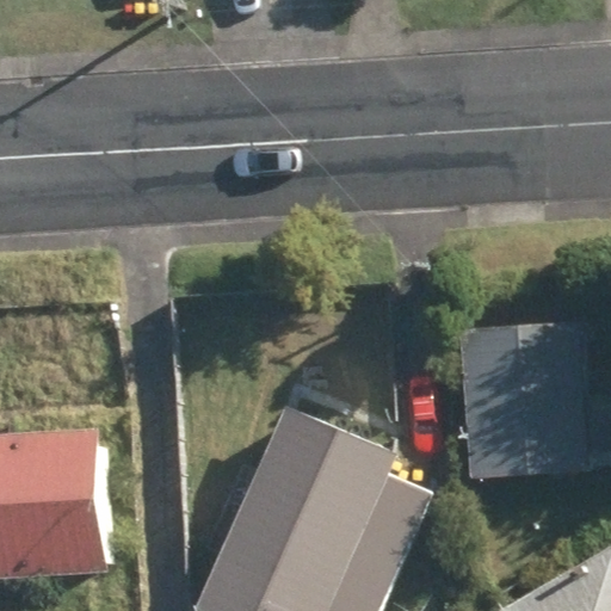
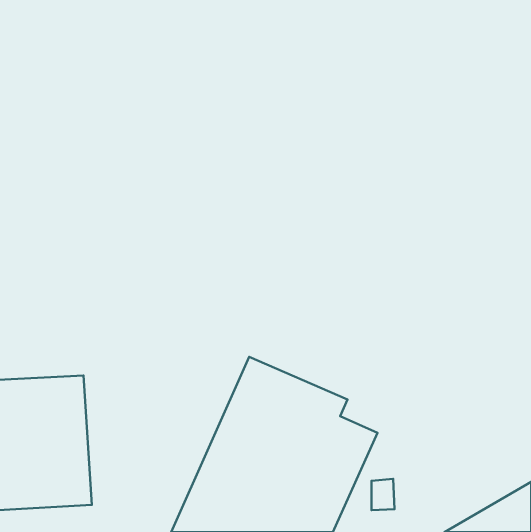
building: [459,320,590,482] -> none

